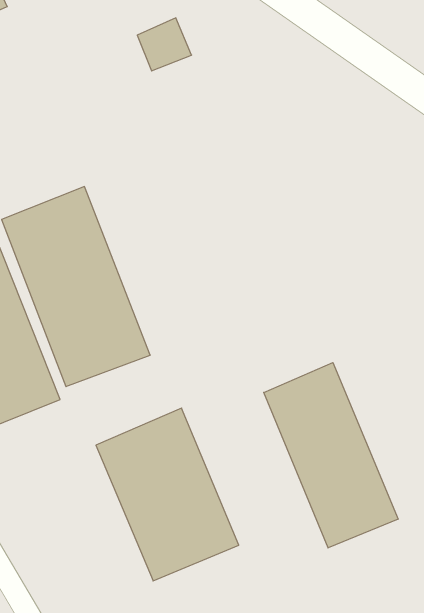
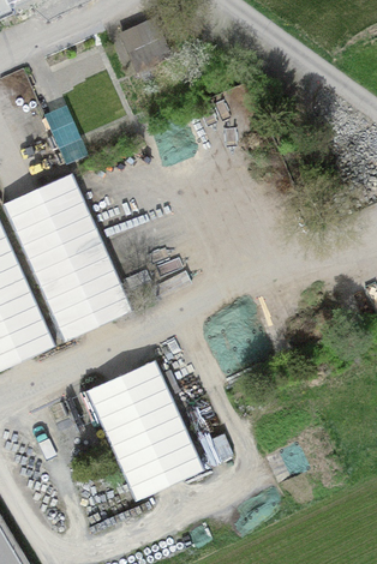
building: [264,363,398,548] -> none

